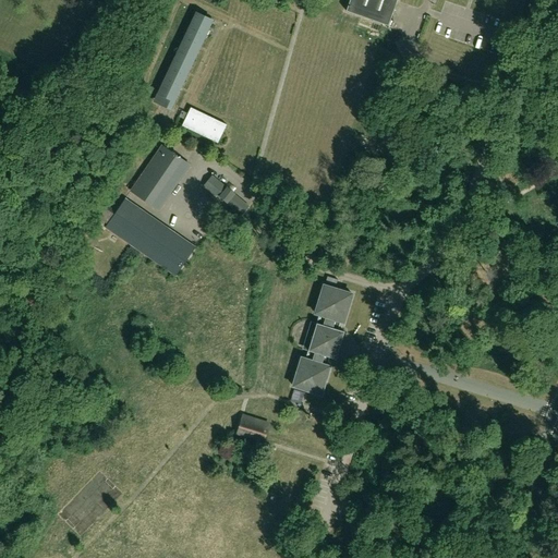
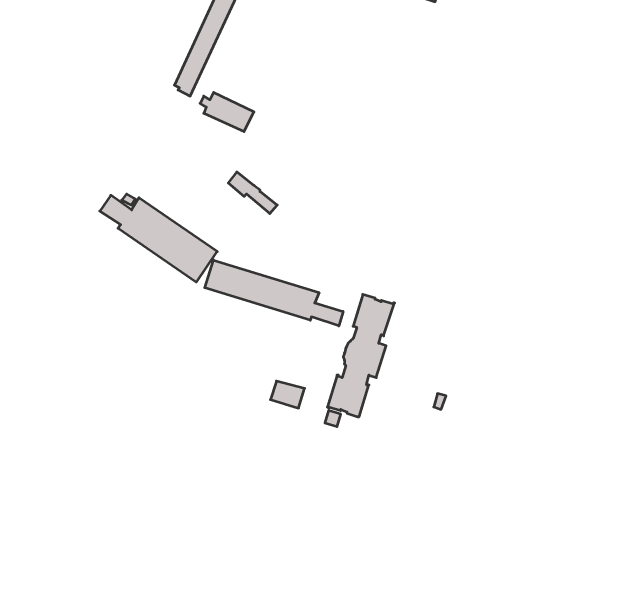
building: [131,145,190,208] -> none
building: none -> [205,260,343,326]
building: [238,415,268,439] -> [270,381,305,408]

